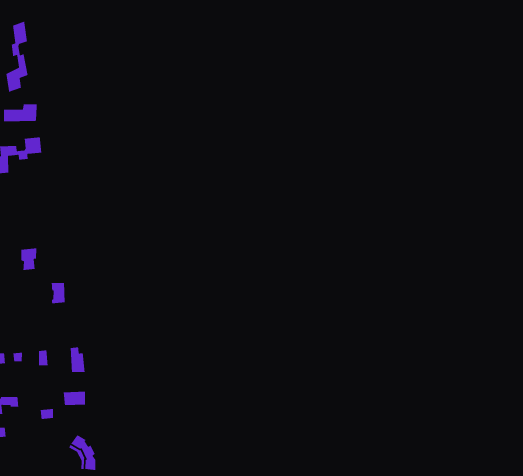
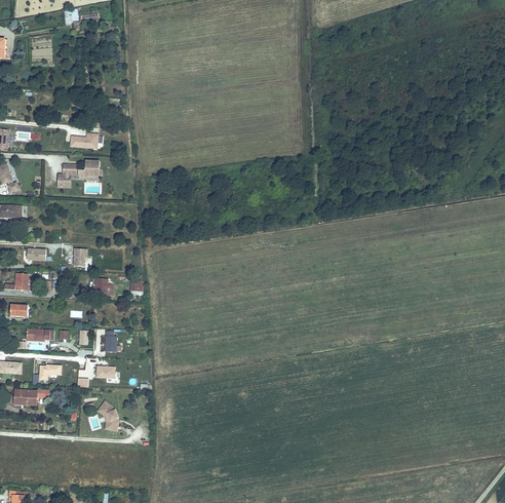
building: [6,21,28,93] -> none

